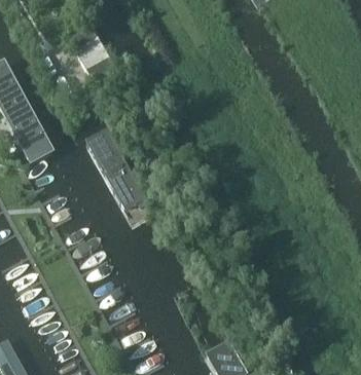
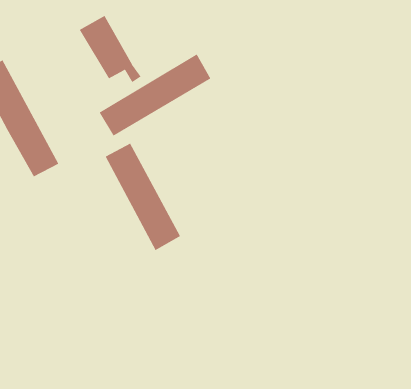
building: none -> [99,53,211,136]

